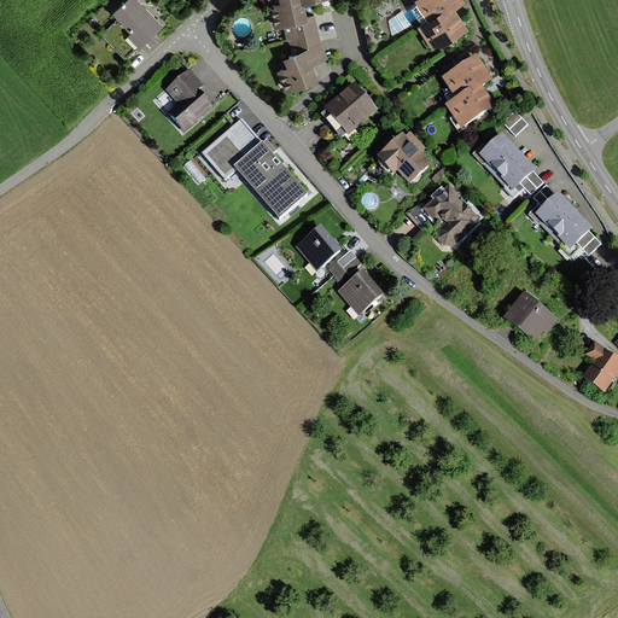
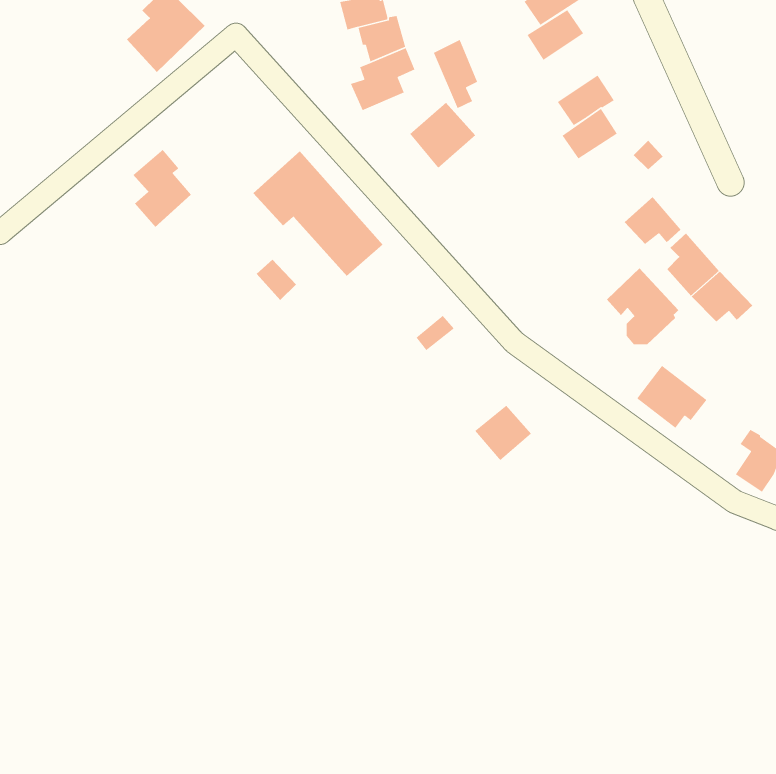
building: none -> [433,39,478,109]
building: [168,68,215,130] -> [132,149,192,228]
building: [380,132,432,182] -> none
building: [474,136,519,176] -> none
building: [424,182,482,244] -> [606,268,679,345]
building: none -> [256,259,297,301]
building: [297,223,343,269] -> none
building: [339,269,385,314] -> [474,405,532,461]

